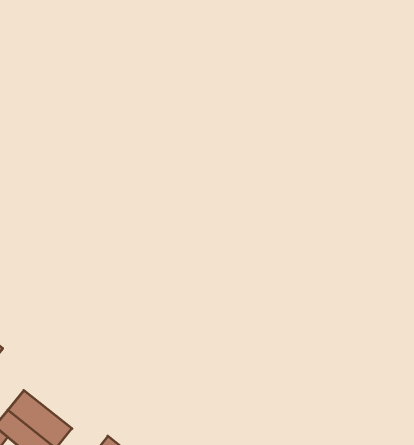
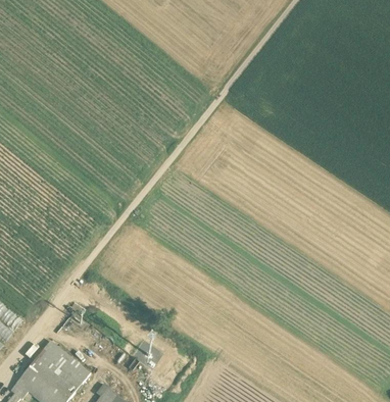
building: none -> [40,342,89,385]

